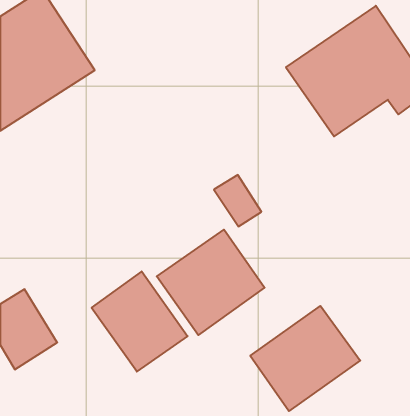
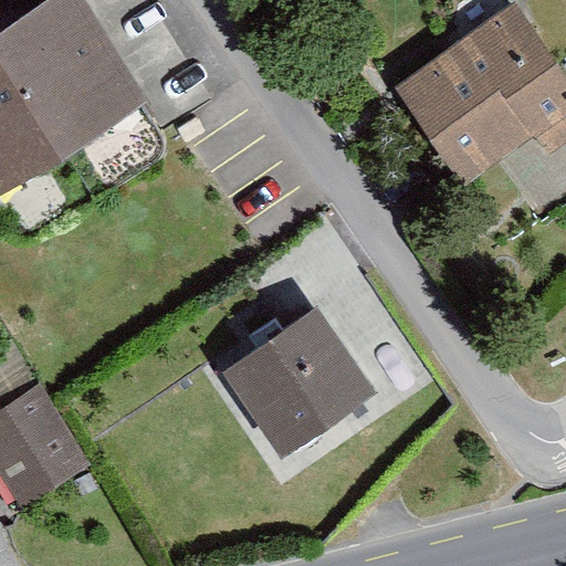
building: [92,271,188,372] -> none
building: [250,306,360,411] -> none

